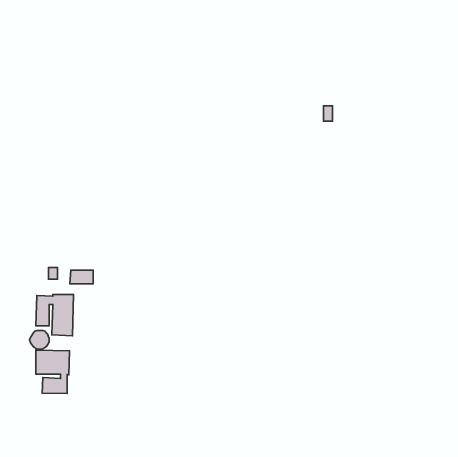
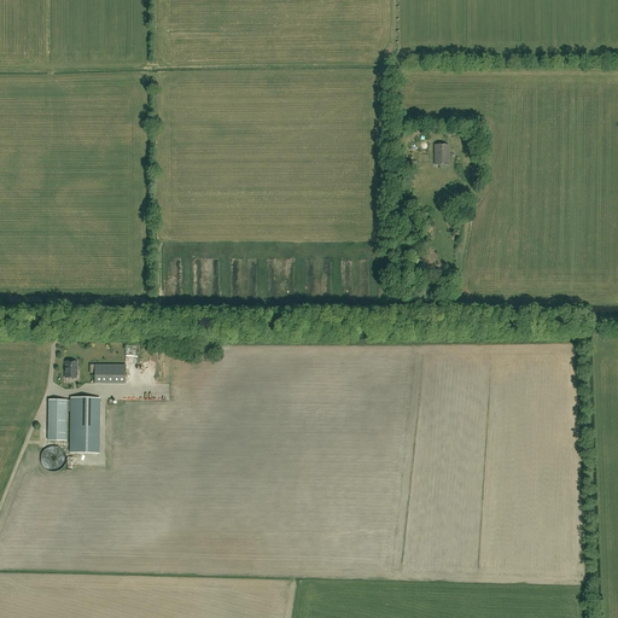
building: [36,350,70,393] -> none

